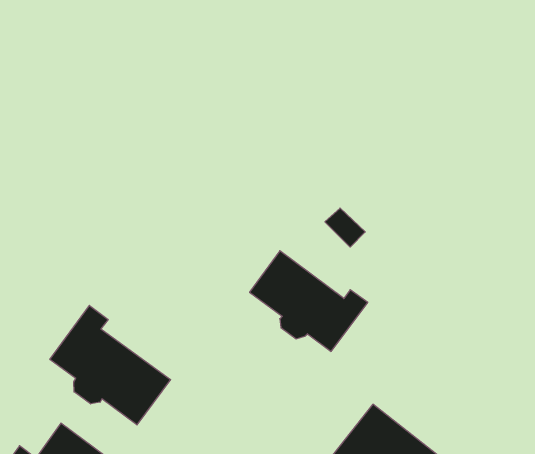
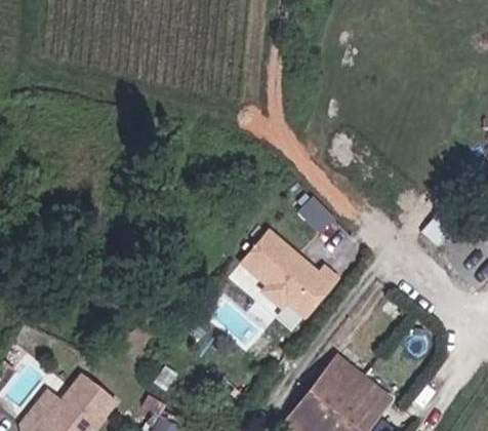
building: [50,305,171,425] -> none

